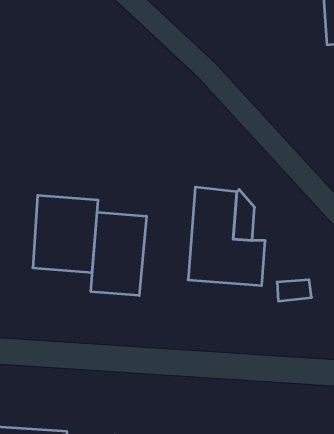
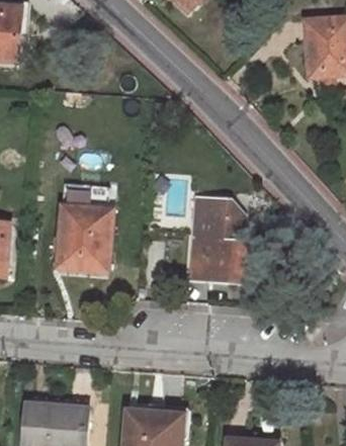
building: [91,212,146,296] -> none

